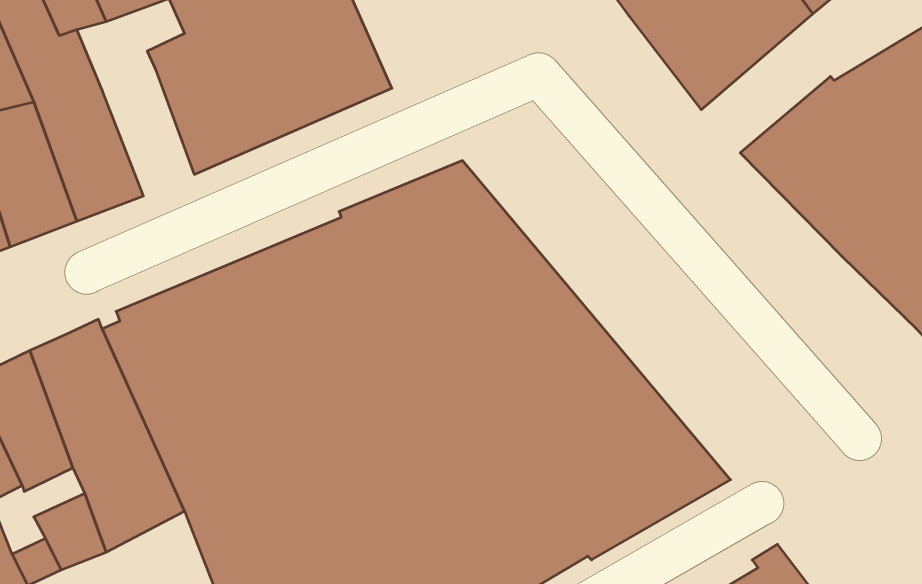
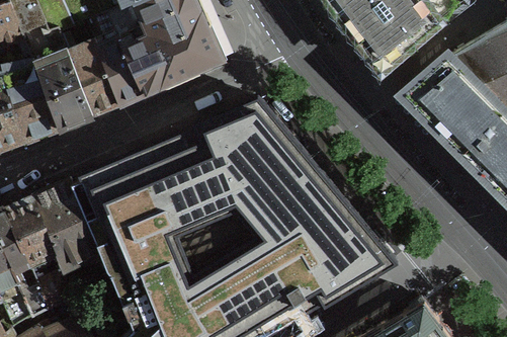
building: none -> [72,53,119,118]

